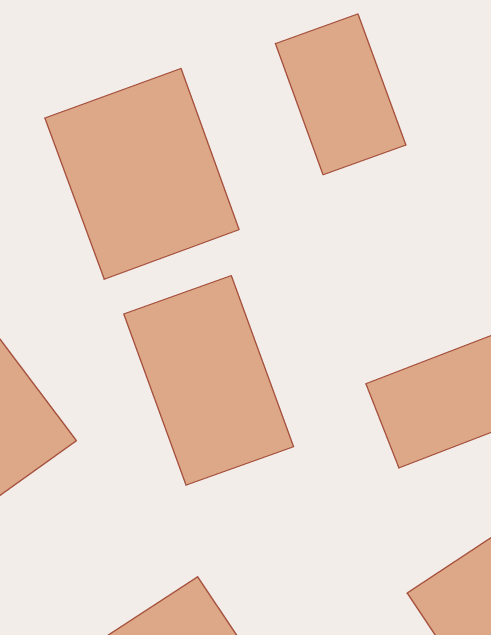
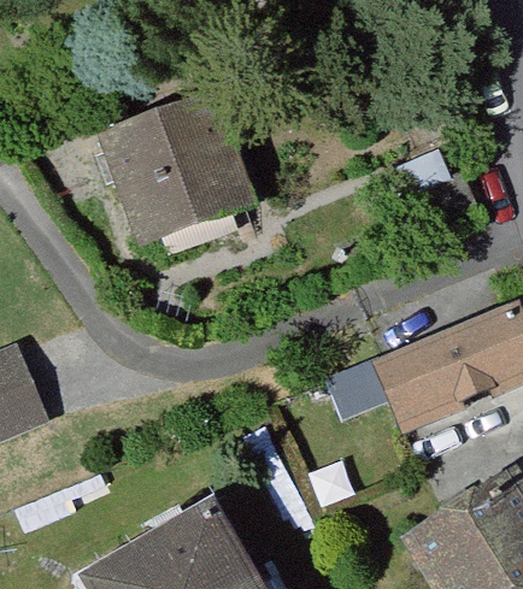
building: [275,14,406,175] -> none
building: [124,276,293,485] -> none

